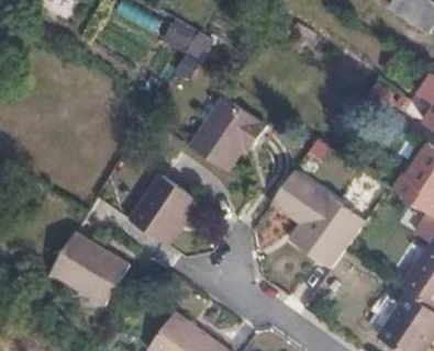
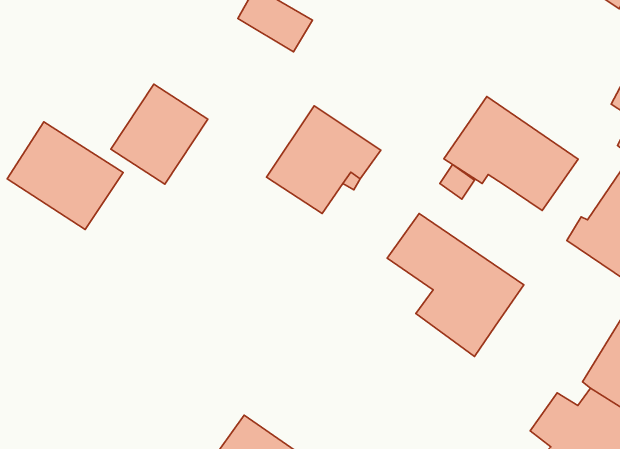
building: none -> [444,96,578,211]
building: [125,174,192,244] -> [111,84,208,184]
building: [45,228,125,303] -> [7,122,123,230]

